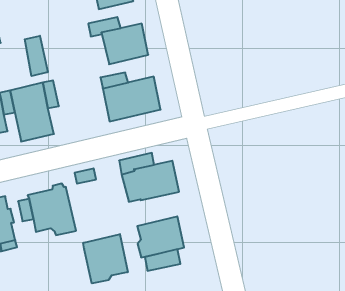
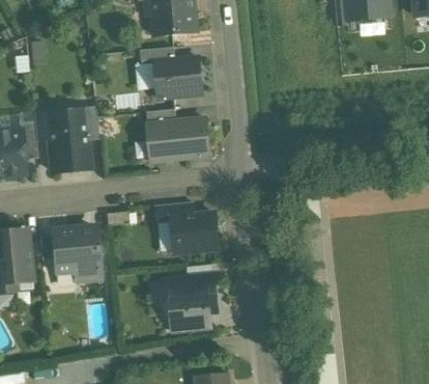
building: [25,36,48,76] -> none
building: [83,234,128,283] -> none

